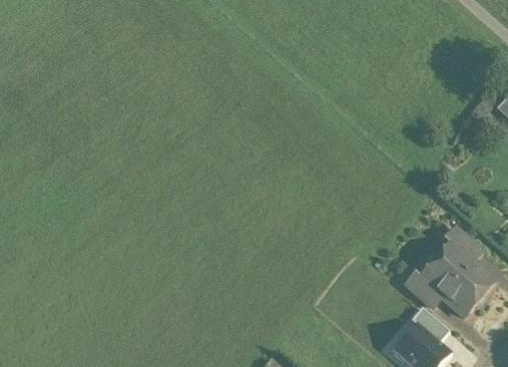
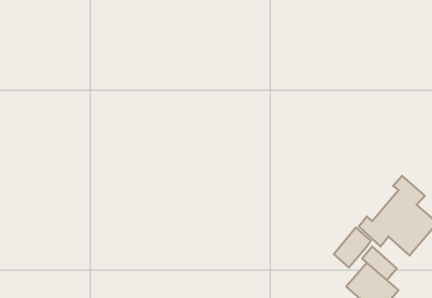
building: none -> [334,227,371,267]

